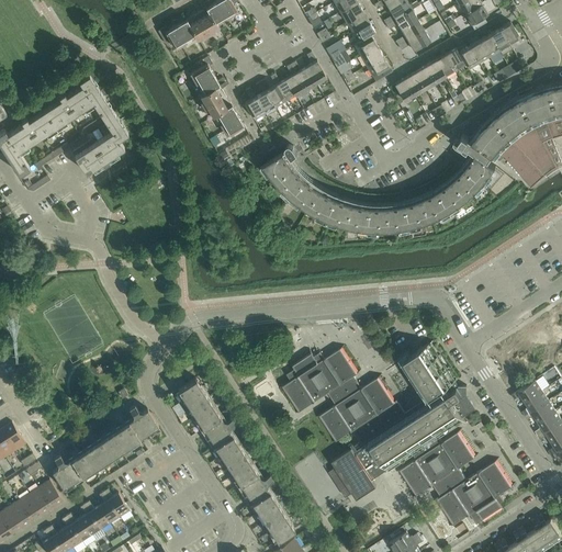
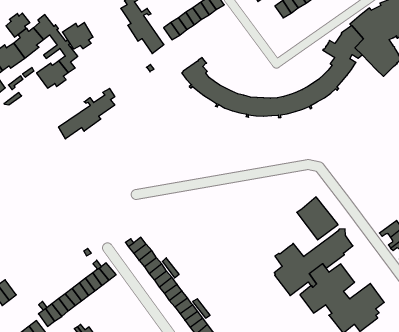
building: none -> [6,13,30,37]
building: none -> [62,22,93,49]
building: none -> [59,88,115,139]
building: [283,349,394,500] -> none

